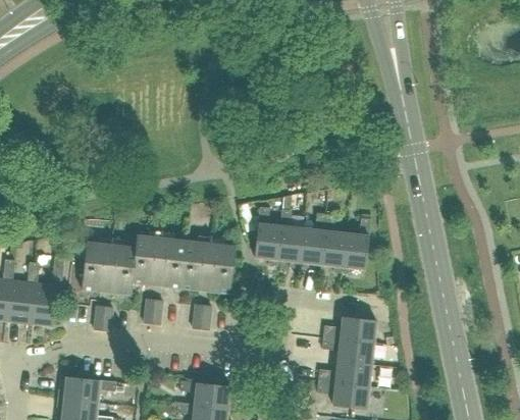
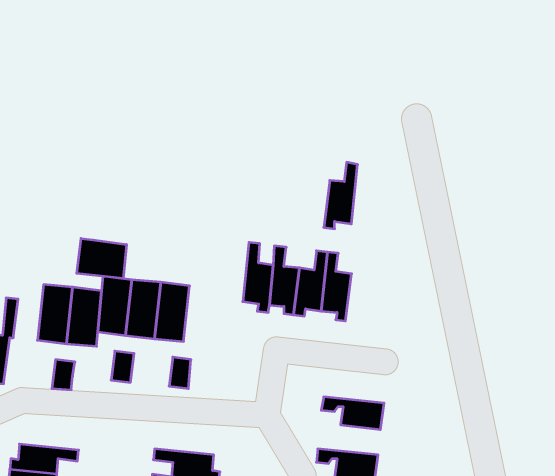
building: none -> [77,238,126,278]
building: [342,217,370,273] -> [324,162,358,229]
building: [205,243,236,293] -> none
building: [323,316,376,342] -> none
building: [318,360,371,385] -> none

